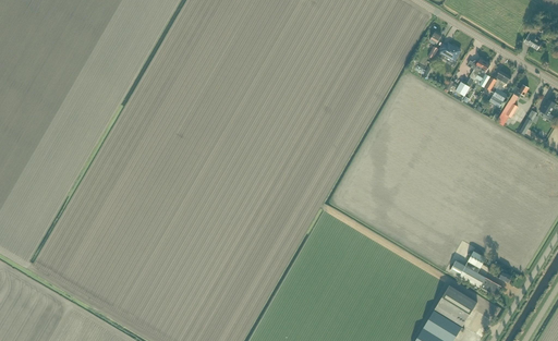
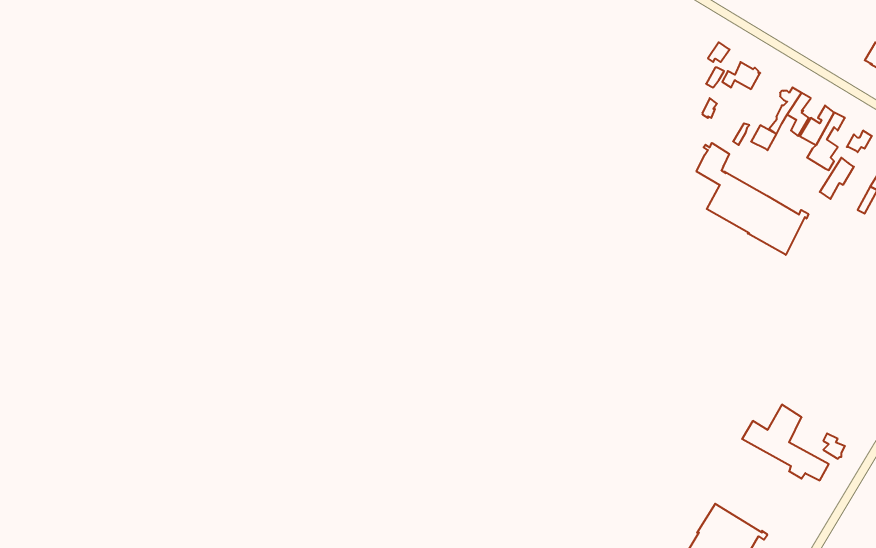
building: none -> [697,143,808,255]
building: [435,284,476,324] -> none

